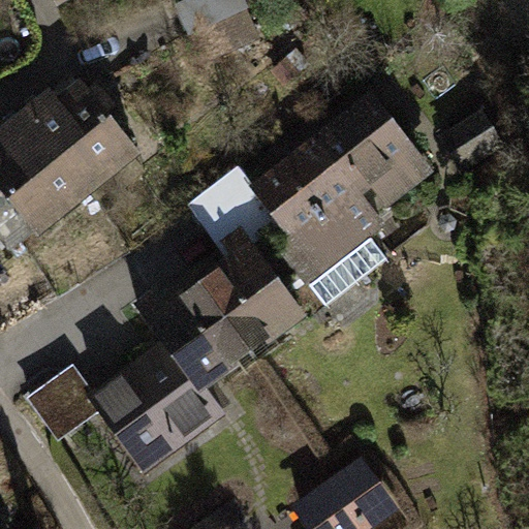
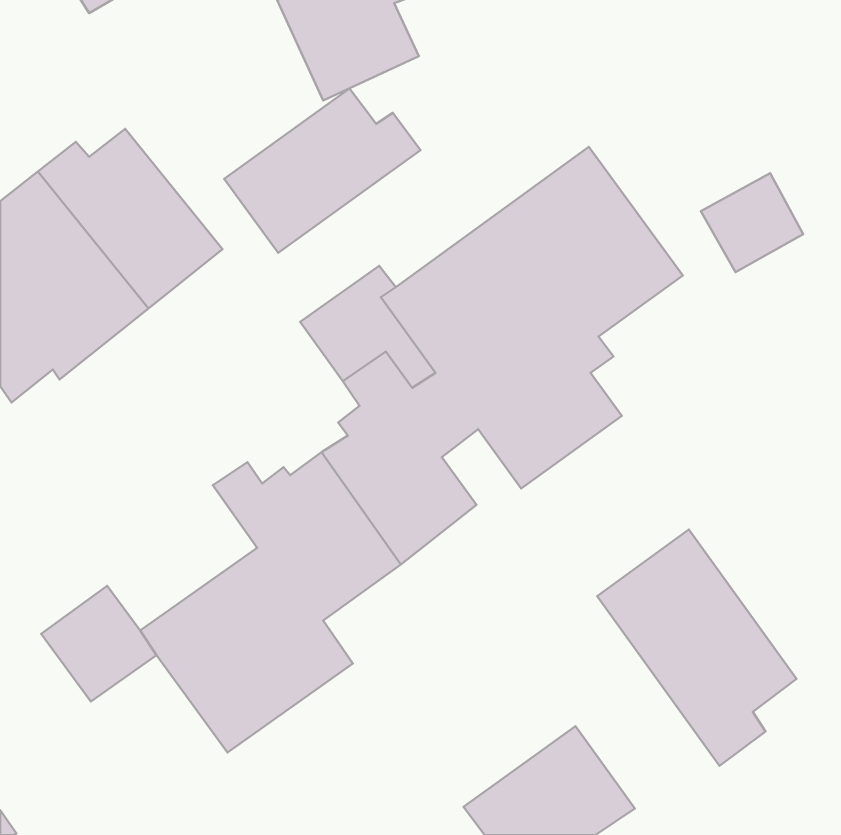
building: none -> [224,88,421,253]
building: none -> [597,530,796,766]

